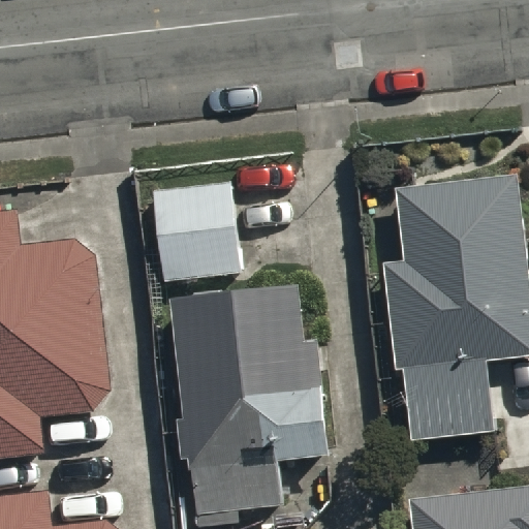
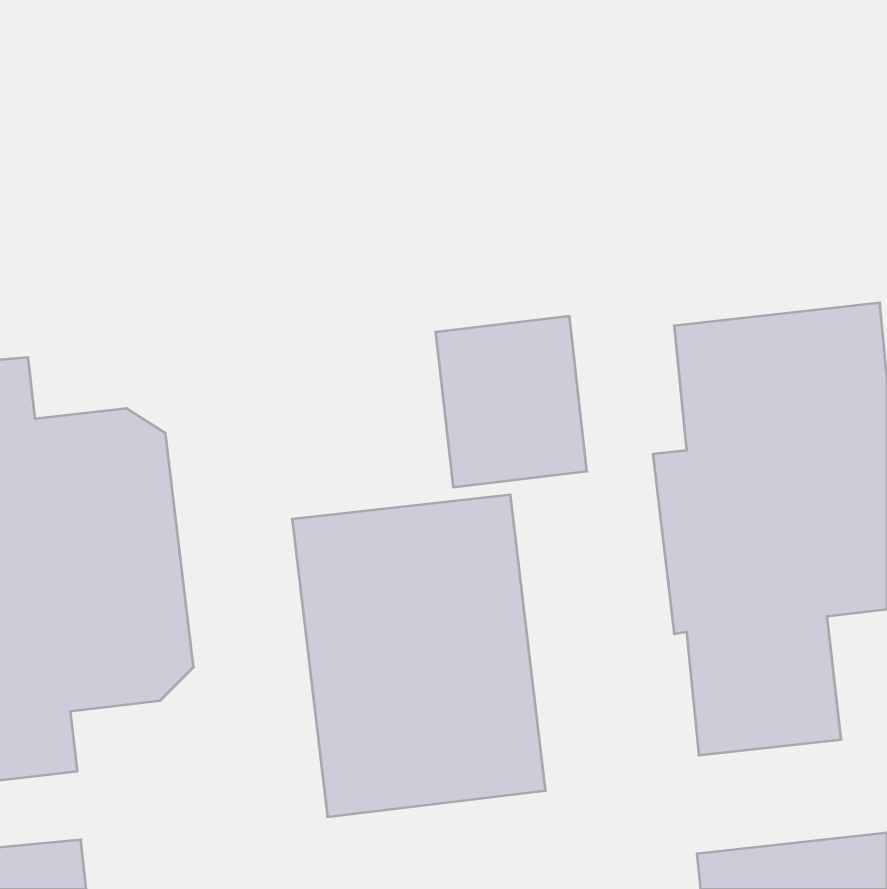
building: [151,168,240,269] -> [436,316,587,487]

